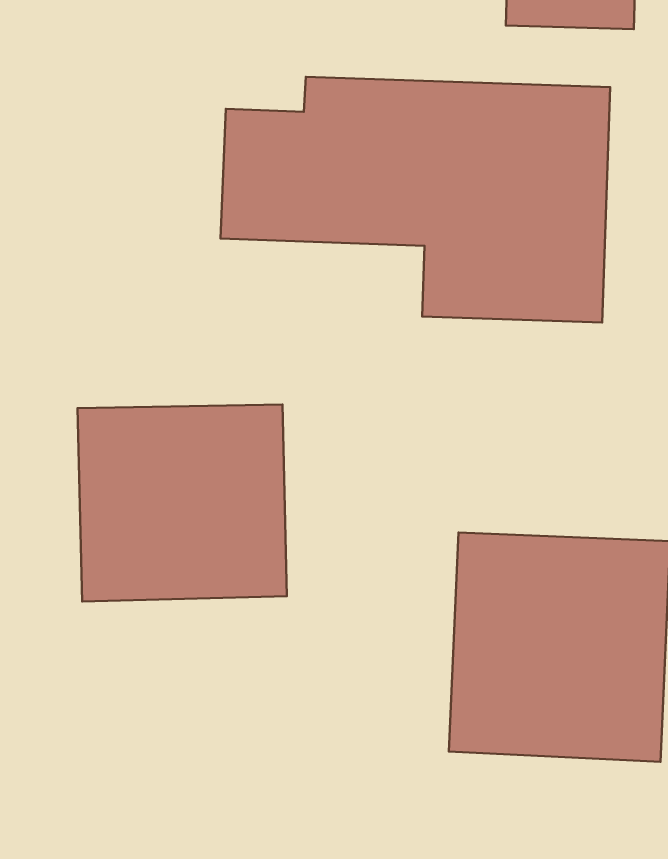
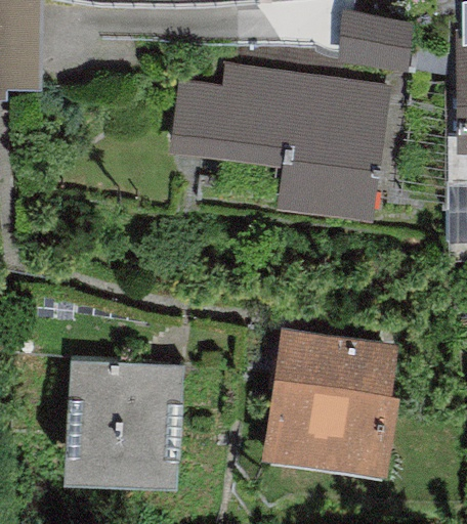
building: [78,404,287,602] -> [63,356,185,472]

